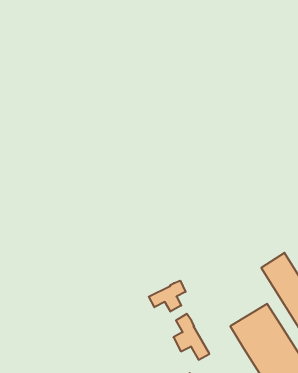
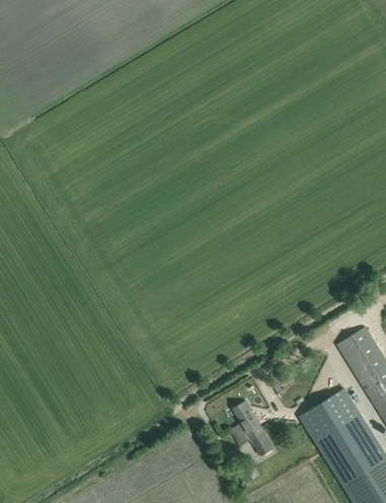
building: [149,281,186,312] -> none

